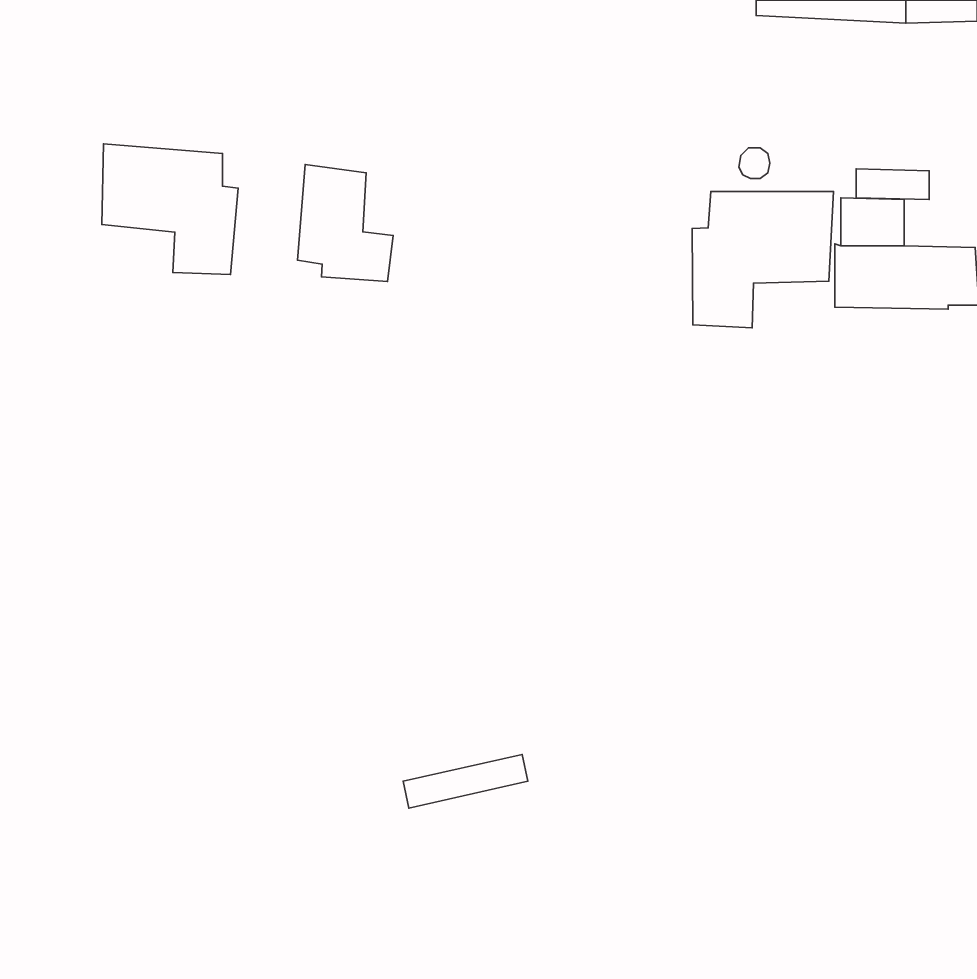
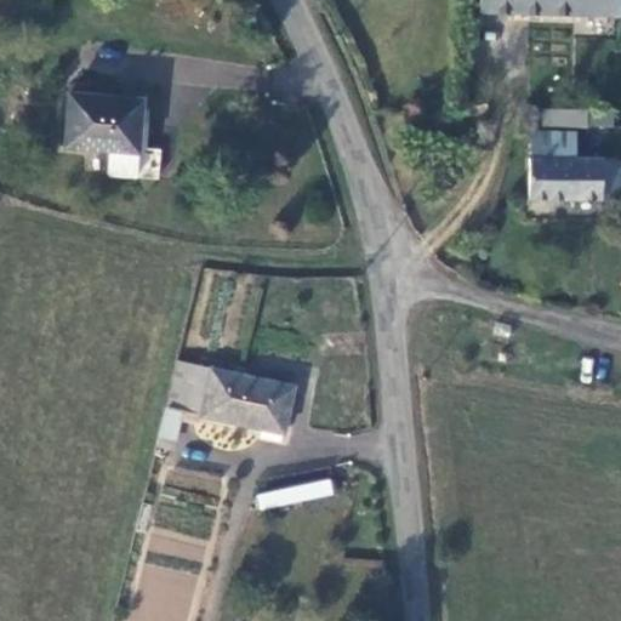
building: [297,164,393,281] -> none
building: [692,192,834,328] -> none
building: none -> [161,358,296,438]

